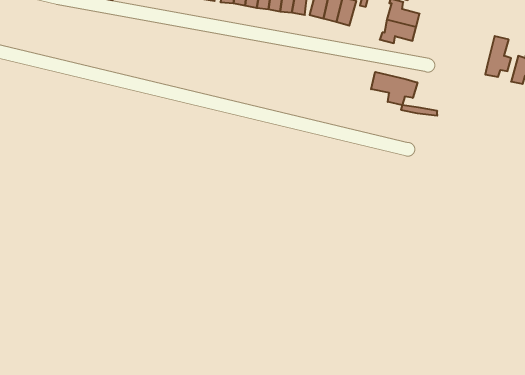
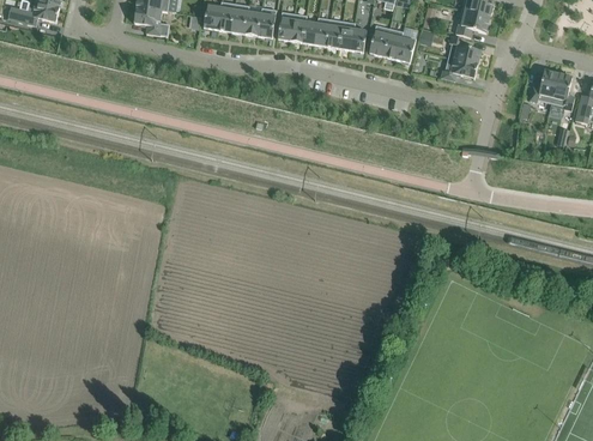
building: none -> [530,71,558,103]
building: [371,72,417,105] -> none

